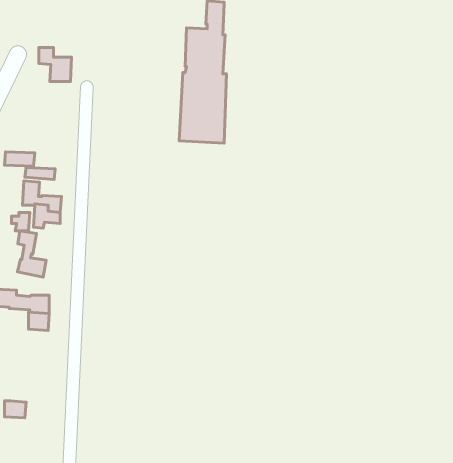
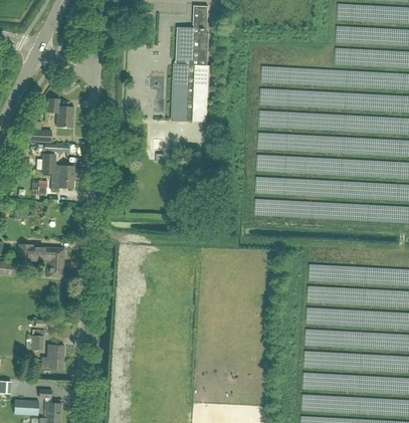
building: [39,48,72,82] -> [47,98,74,127]
building: [17,231,46,277] -> none
building: none -> [41,344,63,368]

